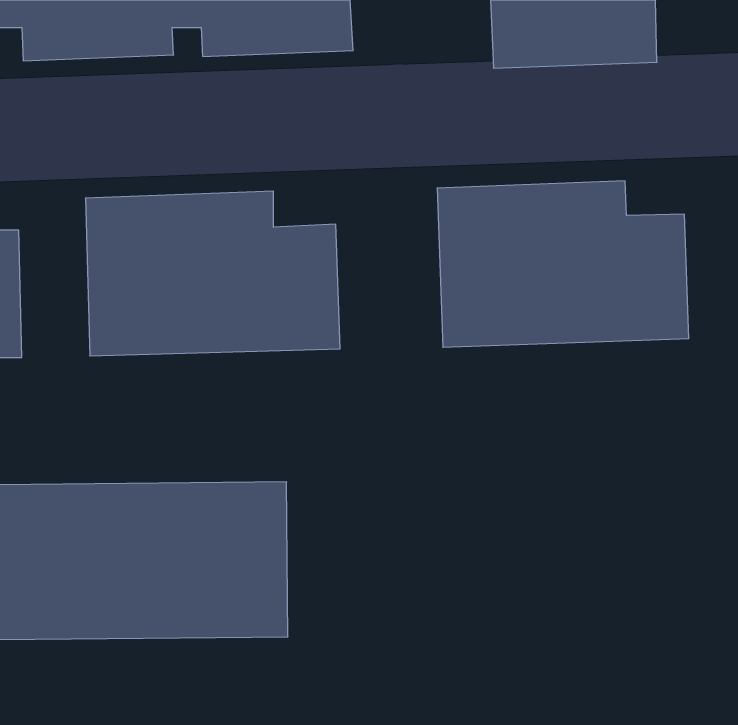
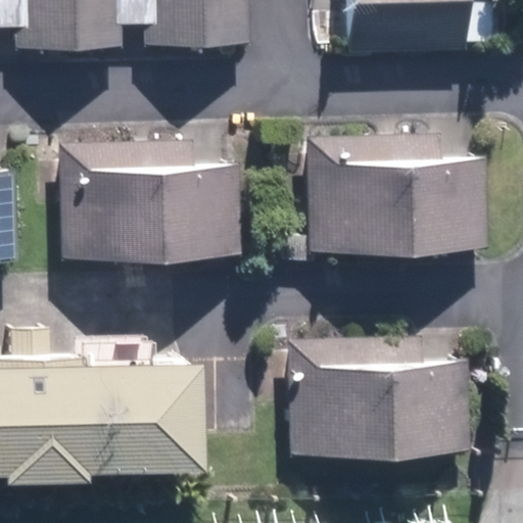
building: none -> [289,341,467,459]

